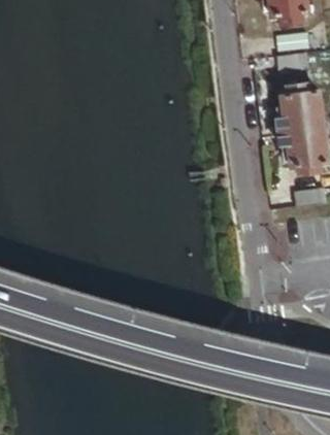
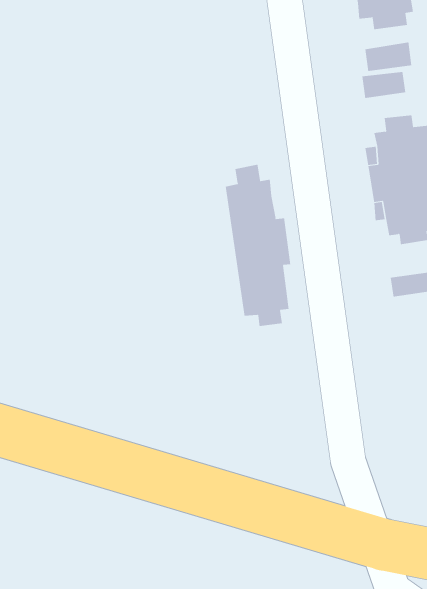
building: none -> [225,164,291,327]

